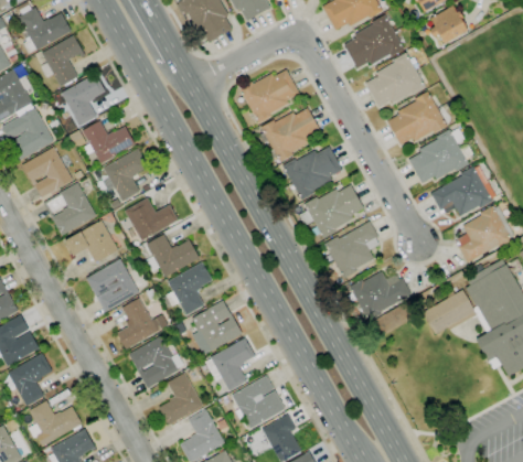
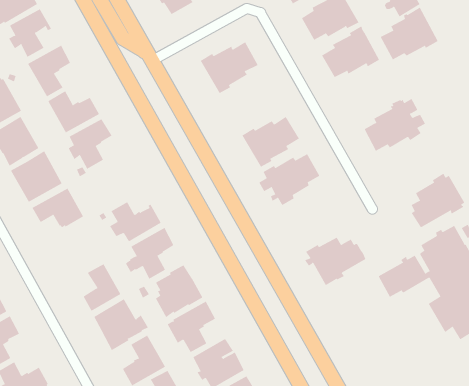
building: [387,90,448,146] -> [380,7,438,60]
building: [259,108,321,162] -> none
building: [431,166,495,216] -> none
building: [125,197,179,240] -> none
building: [324,222,380,278] -> none
building: [86,258,140,312] -> none

